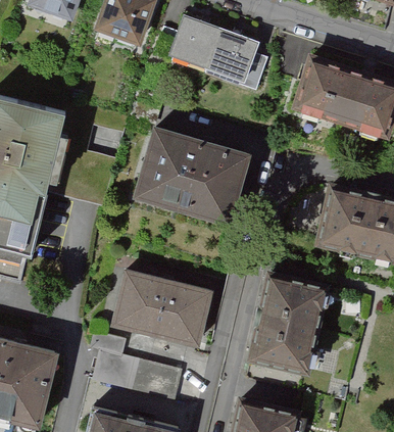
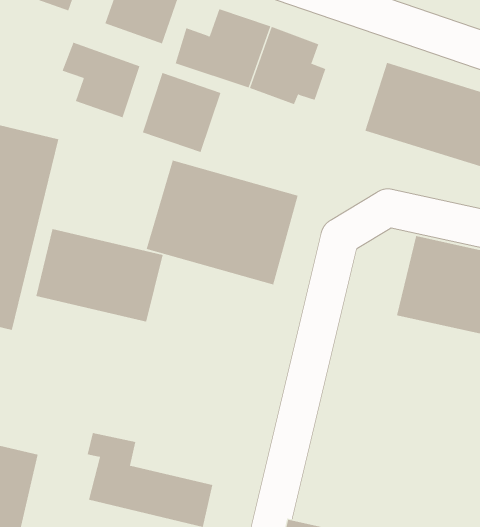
building: none -> [62,42,140,118]
building: none -> [142,72,221,153]
building: [249,270,328,368] -> none
building: [114,277,209,346] -> [35,229,163,322]

